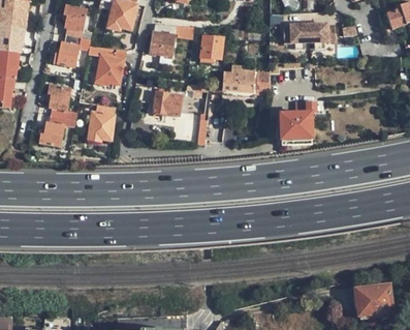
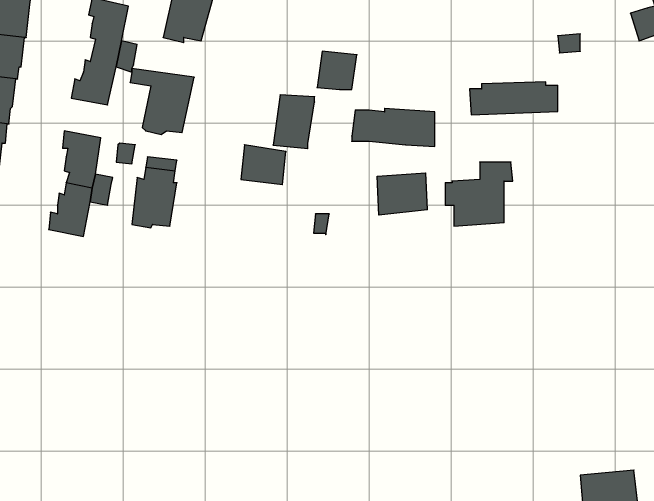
building: [283,23,336,42] -> [470,82,558,115]
building: [150,24,175,56] -> [273,95,315,149]
building: none -> [377,173,427,215]

